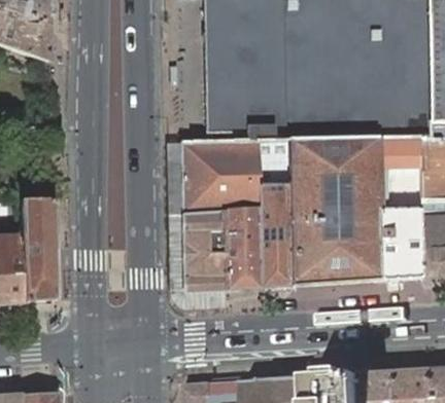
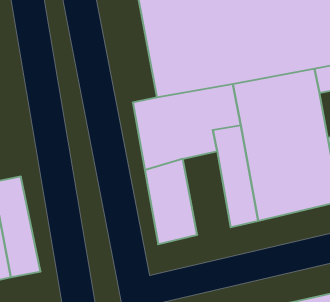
building: [224,205,262,288] -> none

